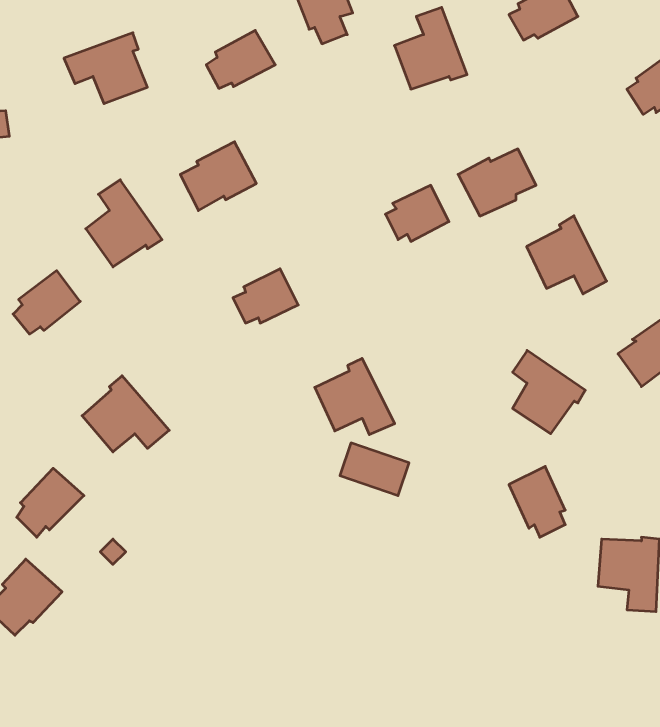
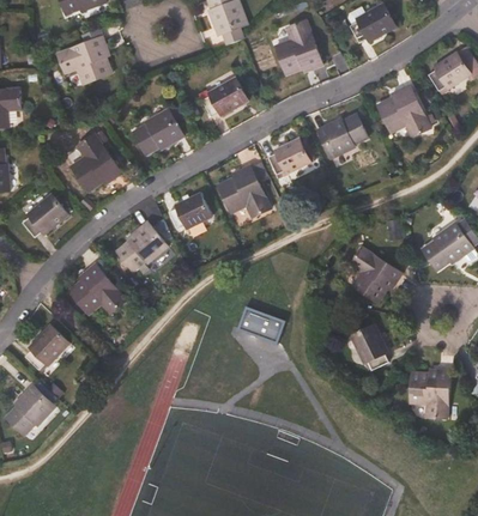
building: [206,30,275,88] -> [202,78,248,116]
building: [527,216,607,294] -> [377,84,430,135]
building: none -> [115,221,167,272]
building: [315,358,395,435] -> [218,165,271,215]

